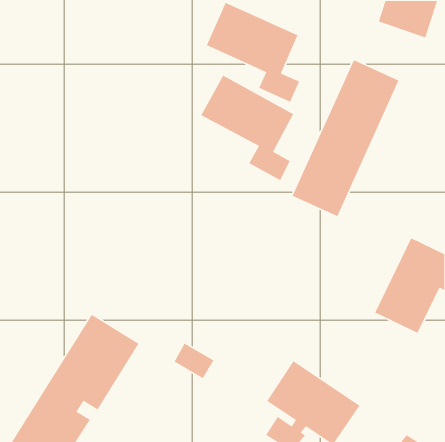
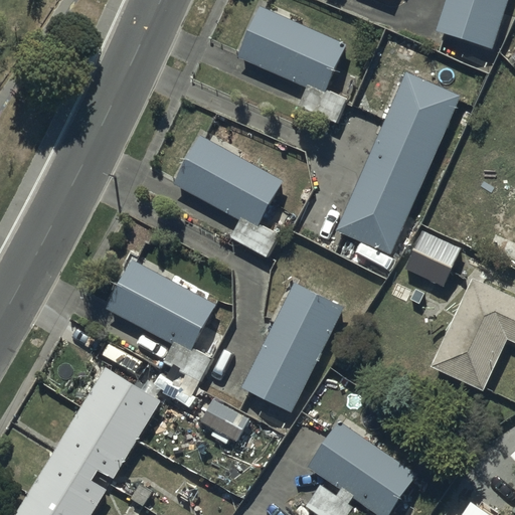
building: [200,75,294,181] -> [173,135,282,258]
building: none -> [403,230,461,288]
building: none -> [107,260,214,381]
building: none -> [241,282,342,409]

